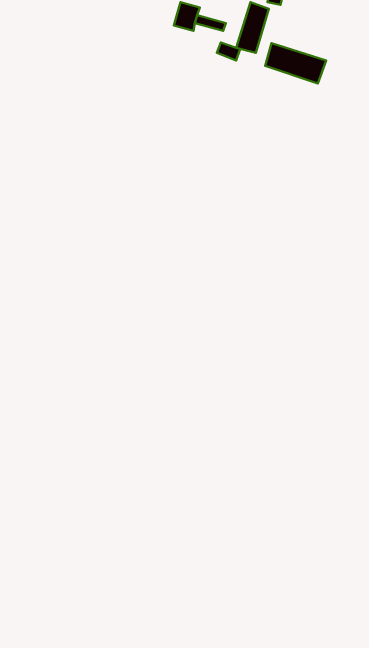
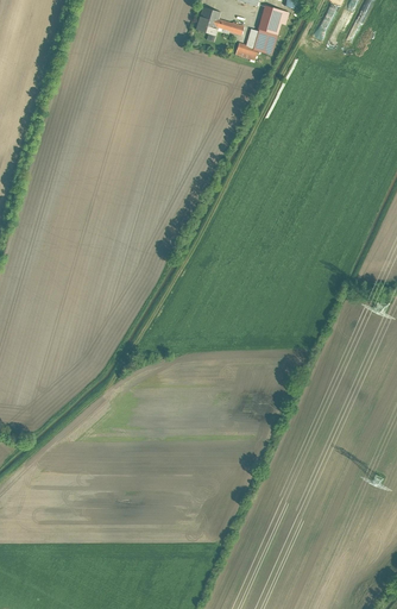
building: [265,43,326,84] -> none

